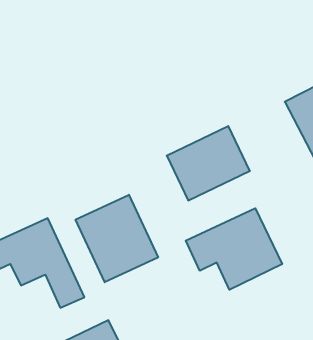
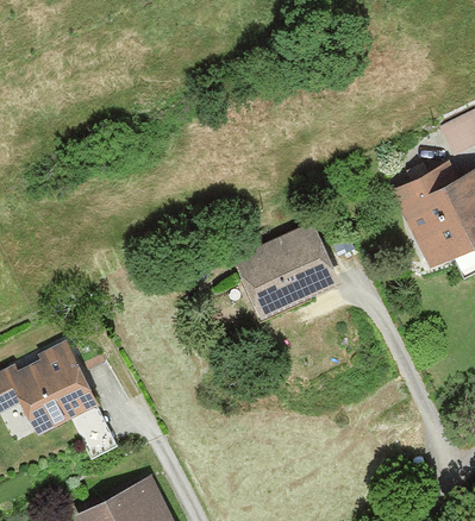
building: [76,195,158,282] -> none
building: [186,208,282,290] -> none

